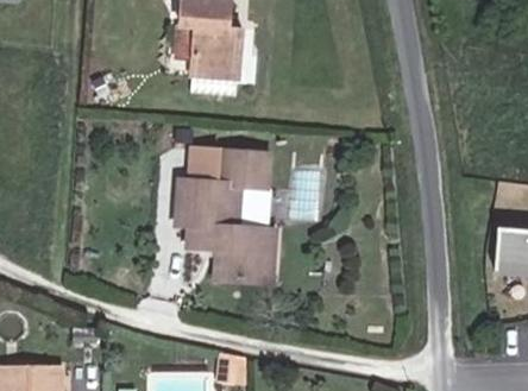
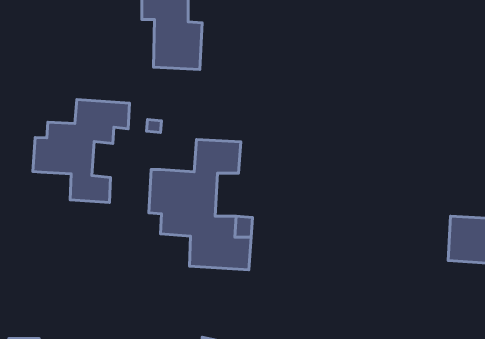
building: none -> [33,100,130,202]
building: [183,147,220,182] -> none

